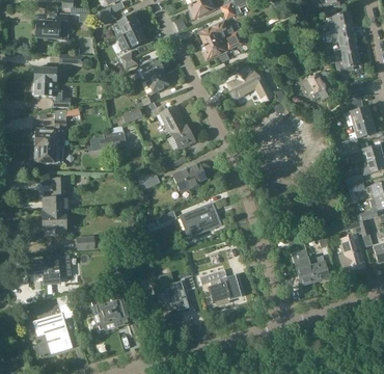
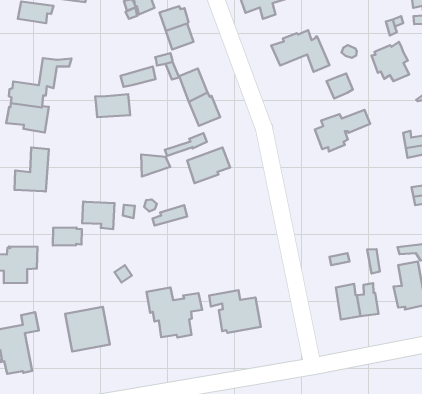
building: [32,81,71,106] -> none
building: [180,203,220,233] -> none
building: [42,210,66,230] -> [82,201,114,229]

